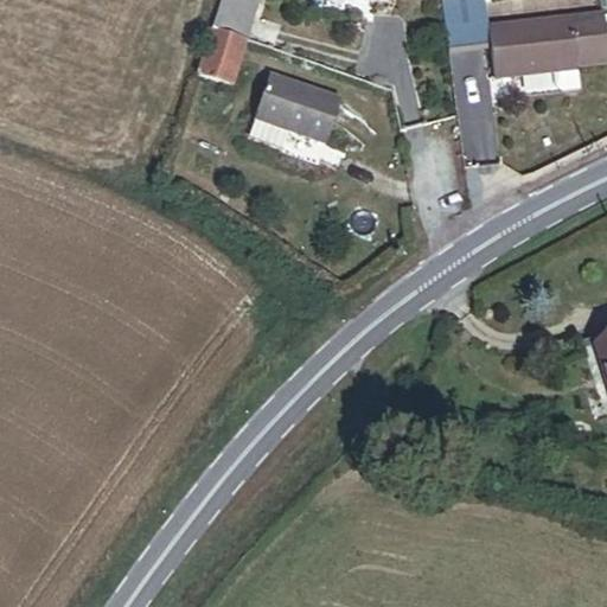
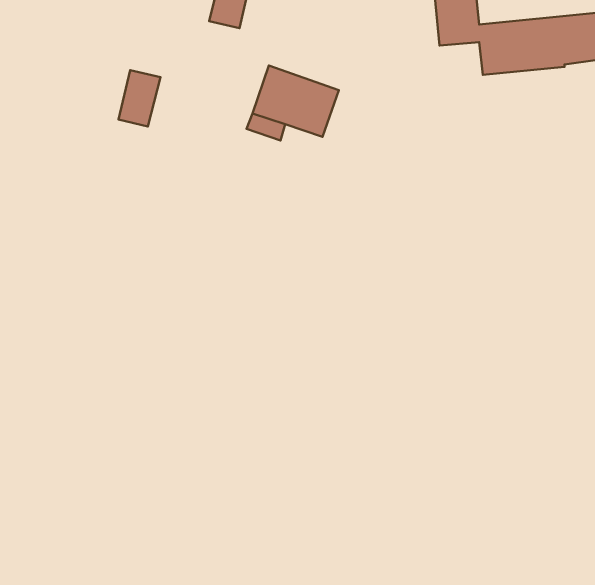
building: [203,21,245,78] -> [119,70,161,126]

